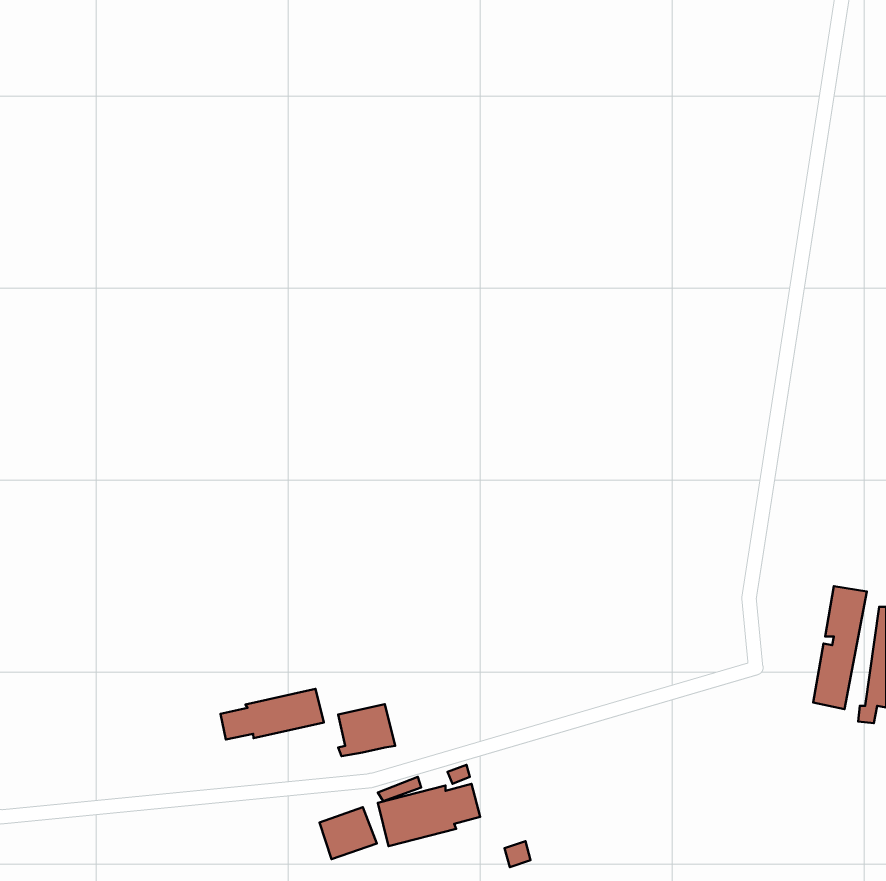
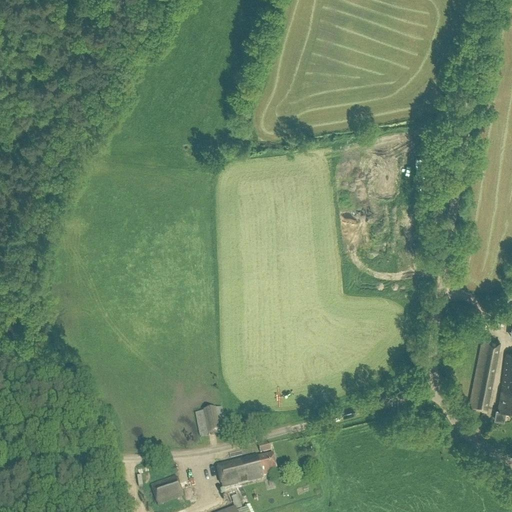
building: [220,689,324,740] -> none
building: [319,807,377,859] -> [151,474,184,504]

